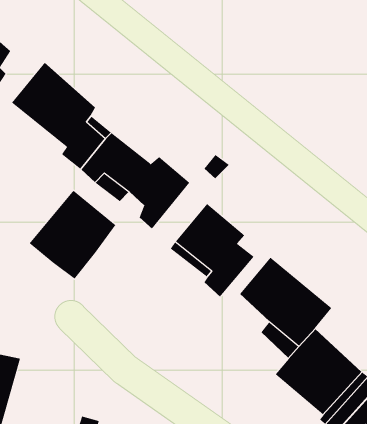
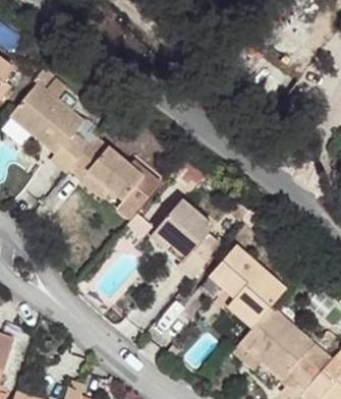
building: [29,190,116,279] -> none

